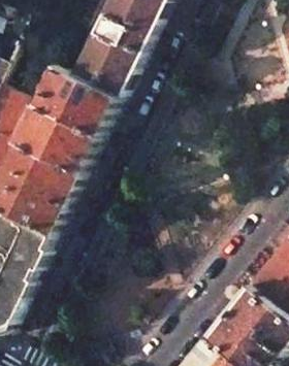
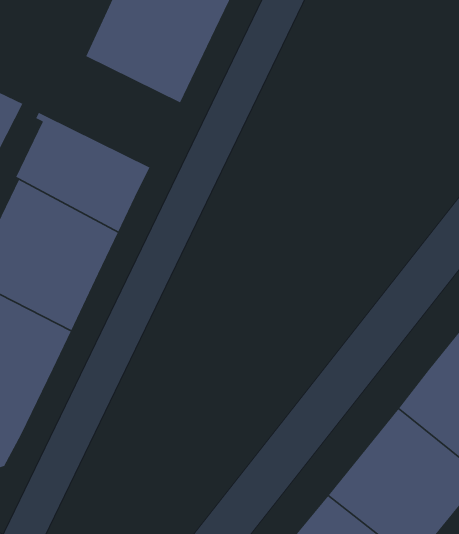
building: [32,67,116,138] -> none

